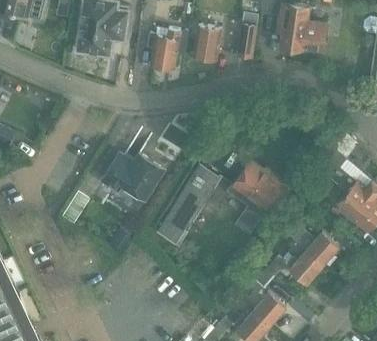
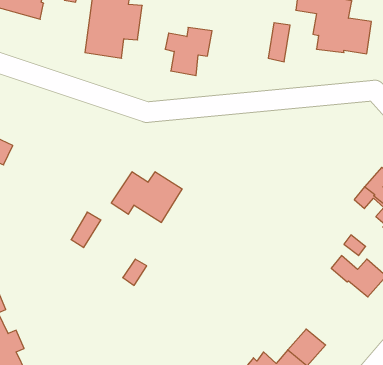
building: [193,25,222,61] -> none
building: [157,162,223,245] -> none
building: [230,163,291,233] -> none
building: [256,250,325,289] -> none

